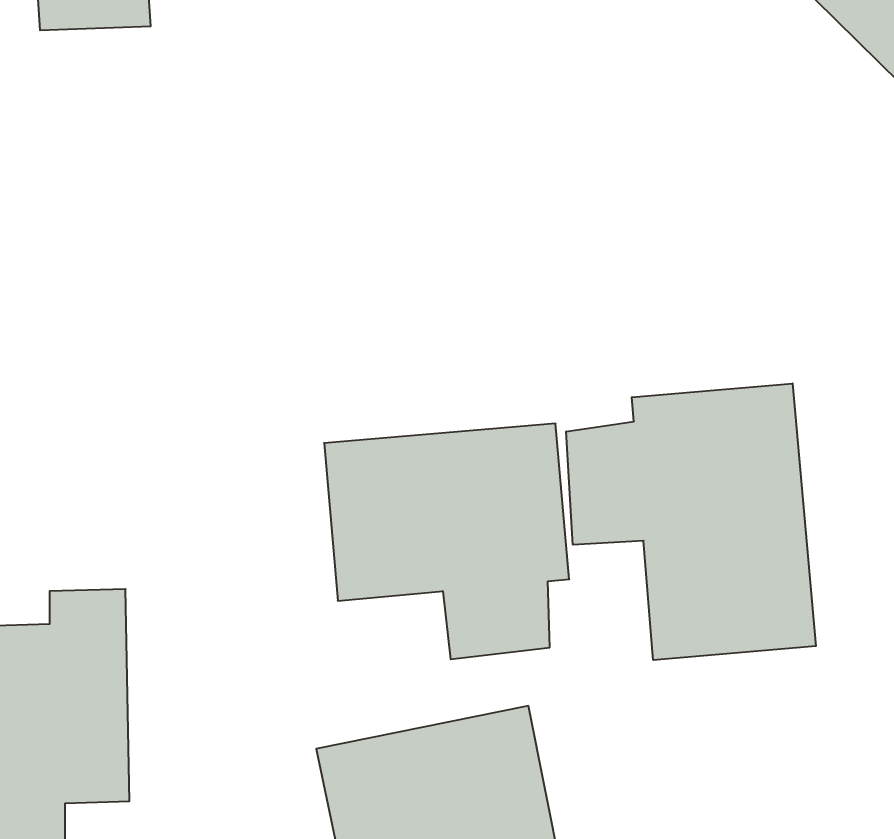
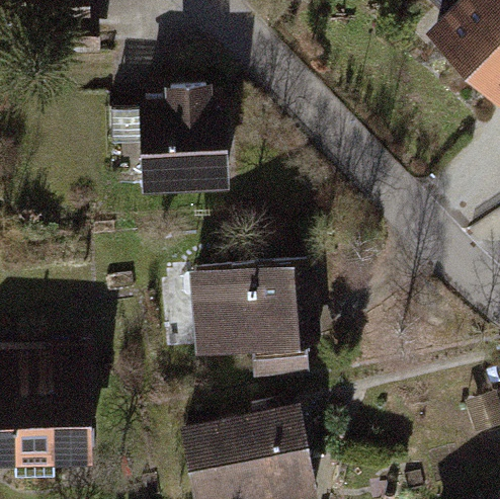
building: none -> [110,89,225,185]
building: [566,383,816,660] -> none

